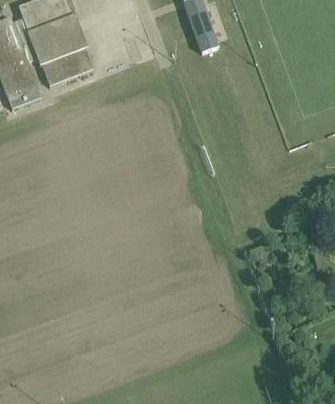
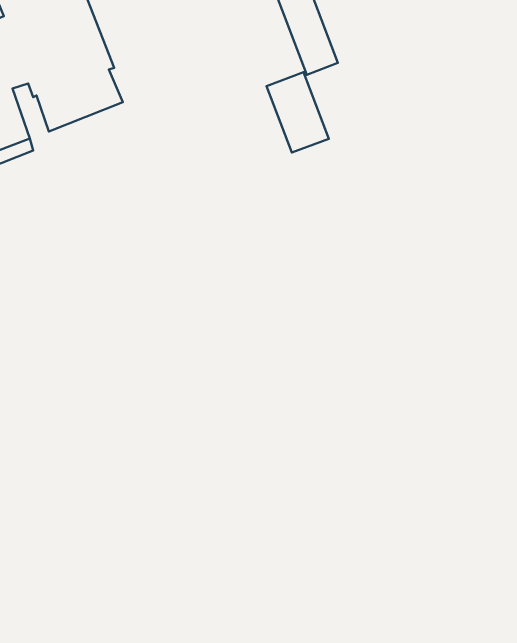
building: none -> [267,72,329,153]

